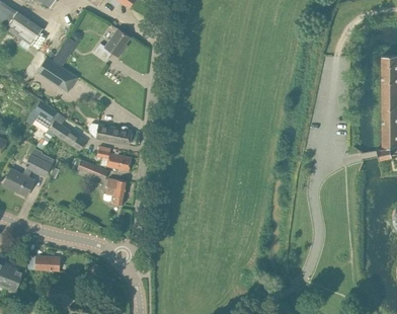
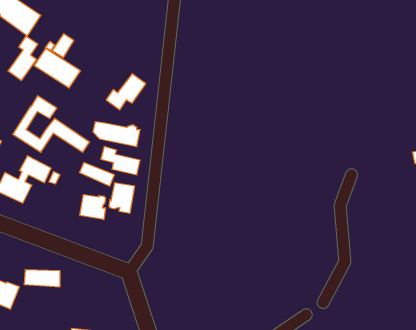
building: [94,29,130,62] -> [106,74,146,110]
building: none -> [8,36,38,80]
building: none -> [80,195,105,220]

